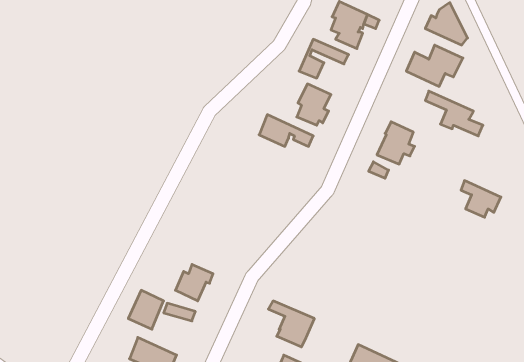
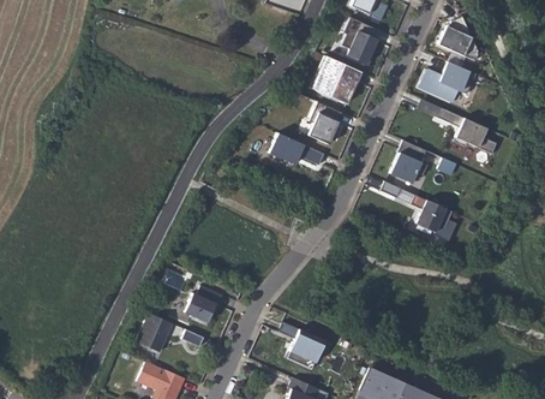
building: none -> [321,66,355,103]
building: [461,181,501,217] -> [412,195,453,232]

